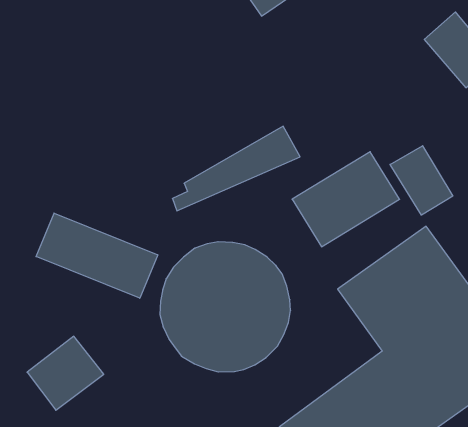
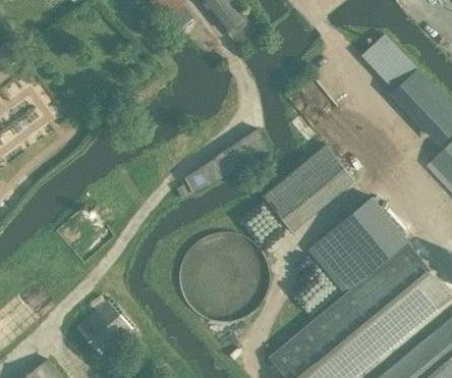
building: [390,146,453,215] -> none
building: [36,213,158,298] -> none

